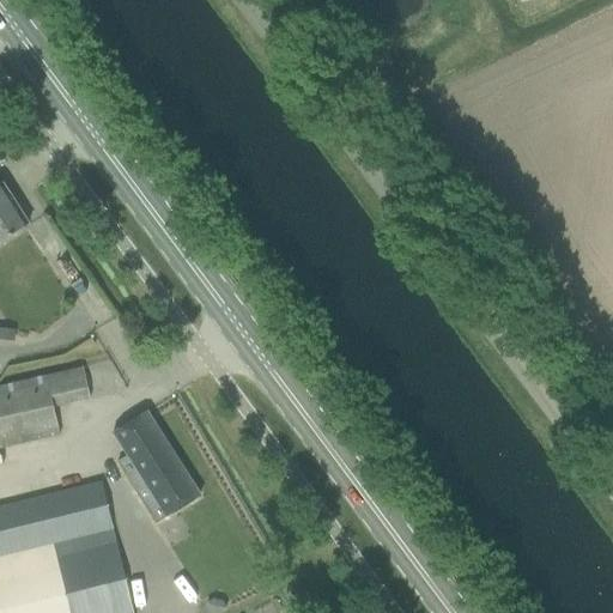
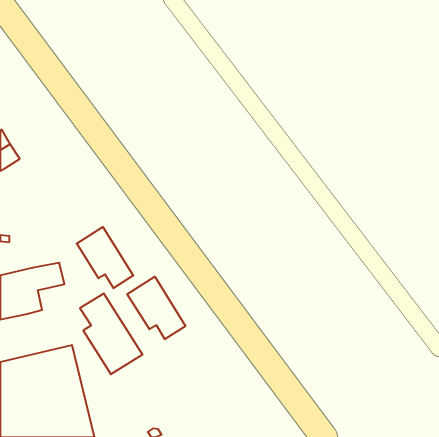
building: none -> [77,227,133,288]
building: none -> [127,277,185,339]

